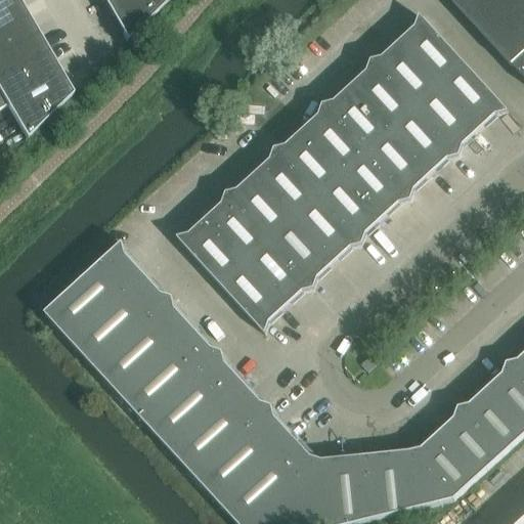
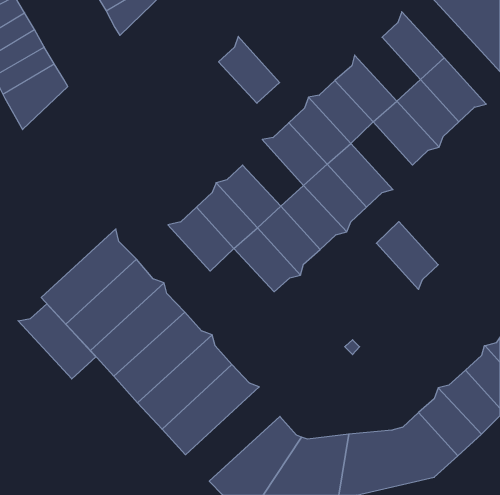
building: [369,39,438,105] -> none
building: [365,127,430,198] -> [376,222,438,289]
building: [253,145,316,215] -> [219,36,280,103]
building: [219,259,286,332] -> none
building: none -> [18,304,96,379]
building: [193,403,292,501] -> none

